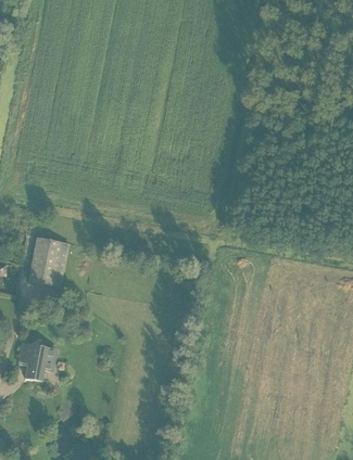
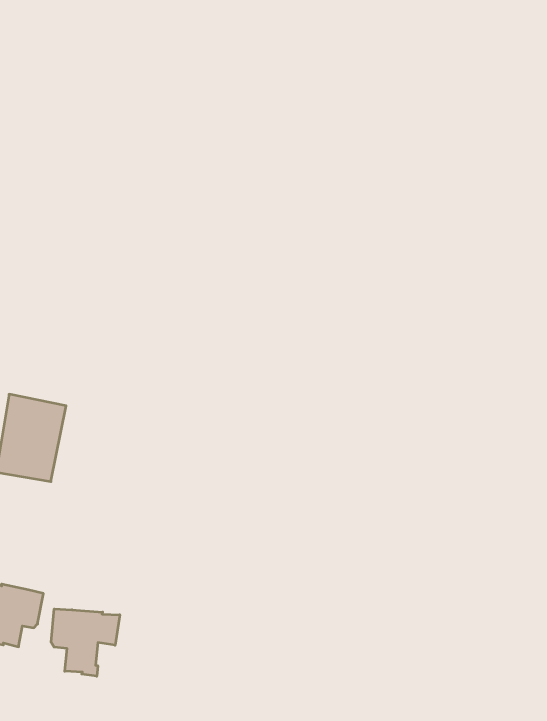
building: none -> [51,609,120,676]

